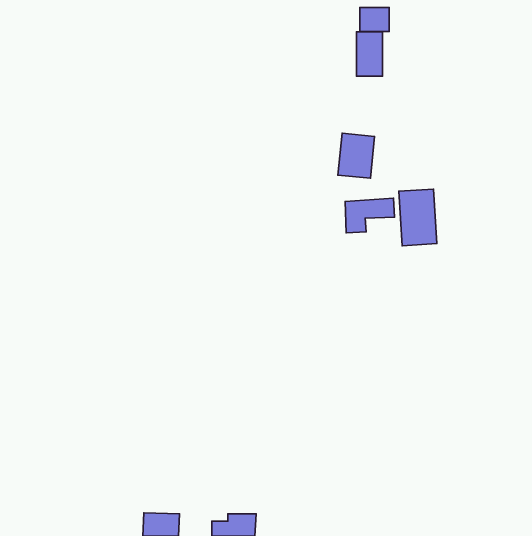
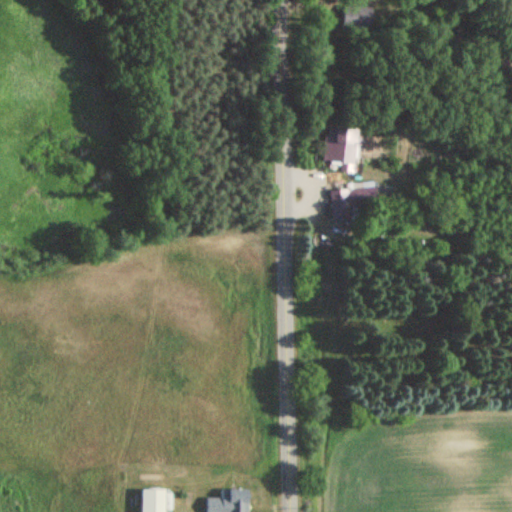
building: [357,32,383,76] -> none
building: [399,189,437,246] -> none

